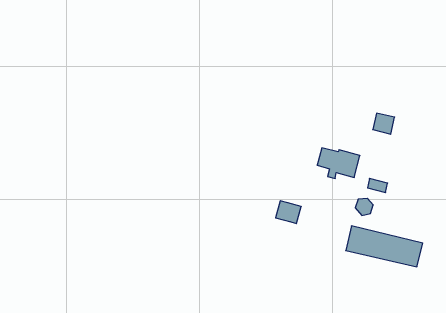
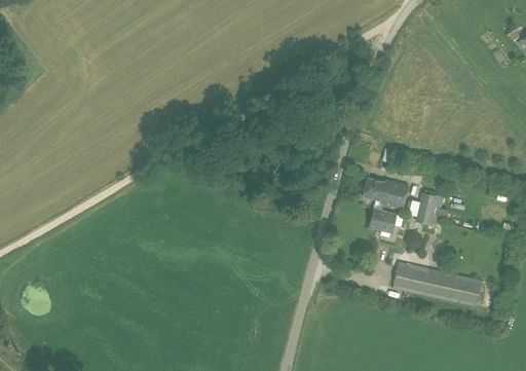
building: [373,113,395,134] -> [419,192,443,215]
building: [276,201,301,224] -> [369,208,397,232]

